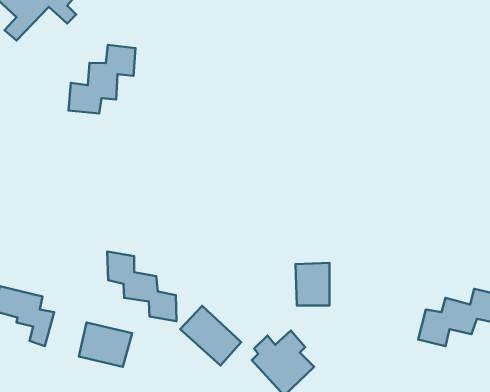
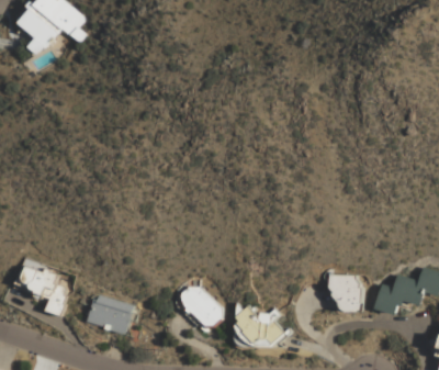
building: [69,45,136,113] -> none
building: [107,252,176,321] -> none
building: [296,263,329,306] -> [333,274,361,311]

